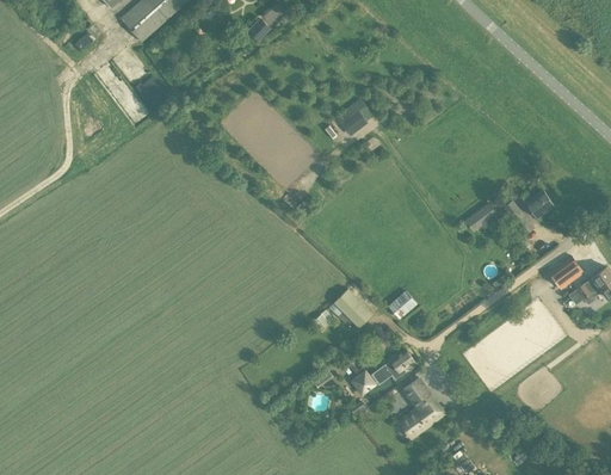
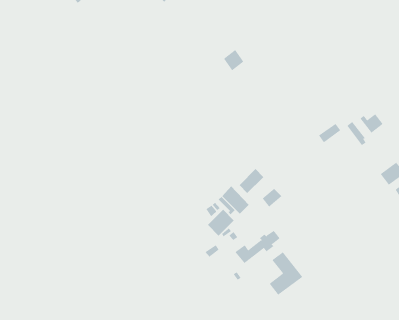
building: none -> [239,168,264,194]
building: none -> [207,209,235,237]

